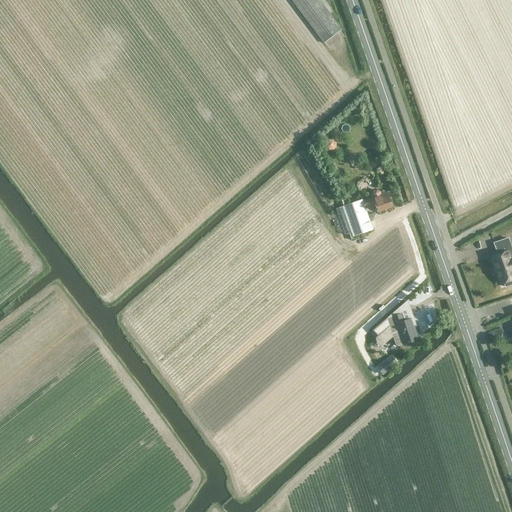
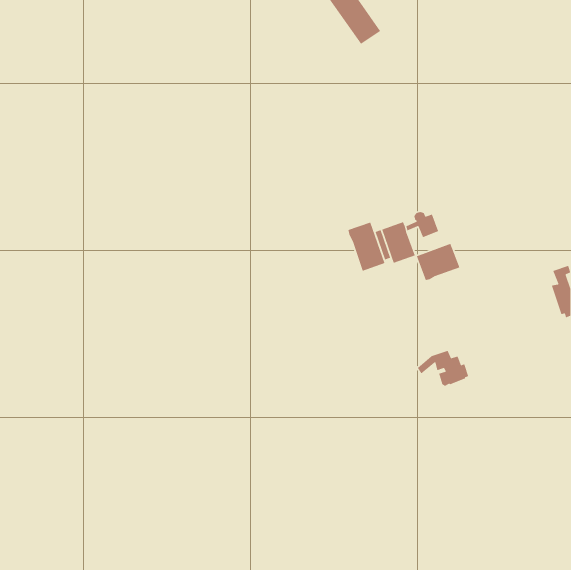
building: none -> [348,221,386,272]
building: none -> [416,243,460,281]

